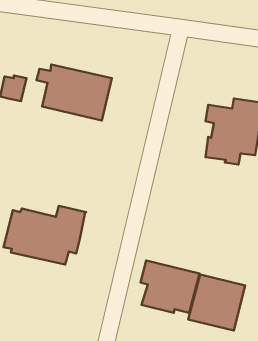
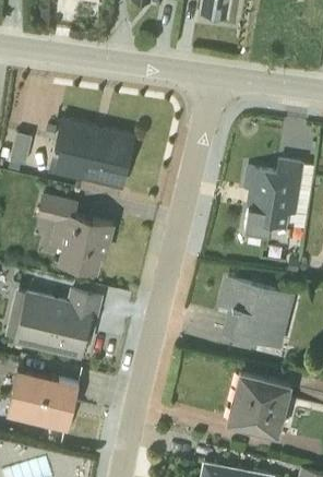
building: none -> [38,193,115,273]
building: [141,261,199,313] -> [222,278,291,341]
building: none -> [7,370,79,433]

